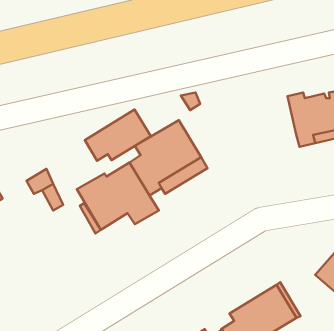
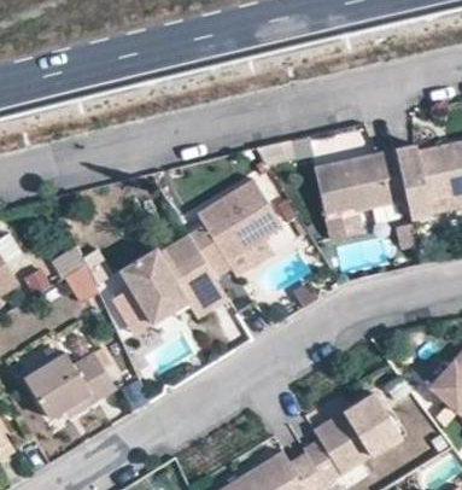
building: none -> [312,150,403,232]
building: [85,110,151,161] -> none
building: none -> [23,351,115,418]

